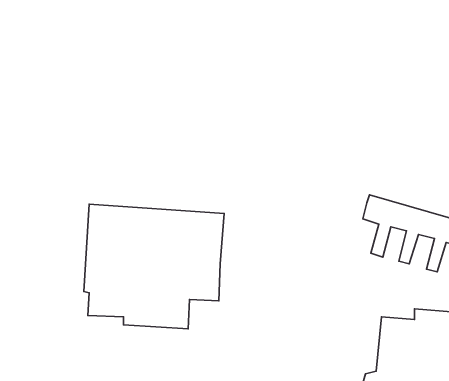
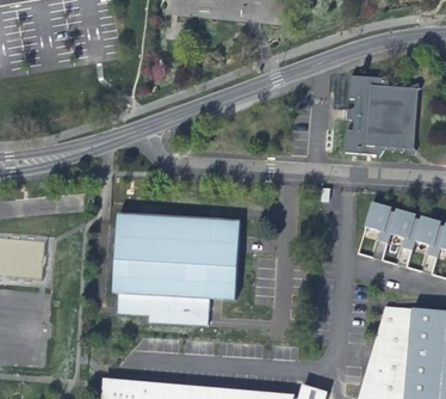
building: none -> [345,74,421,155]

